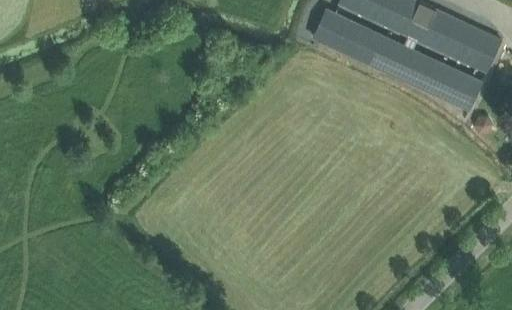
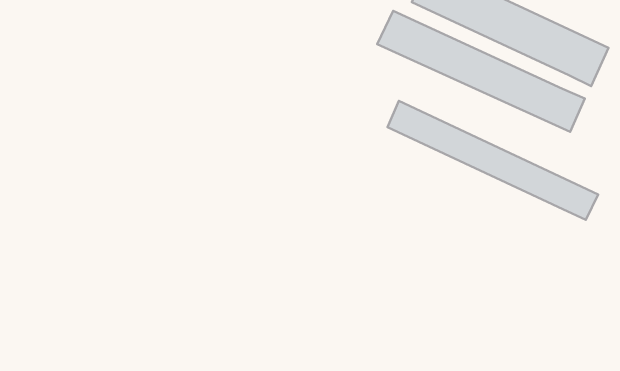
building: none -> [387,101,598,220]

